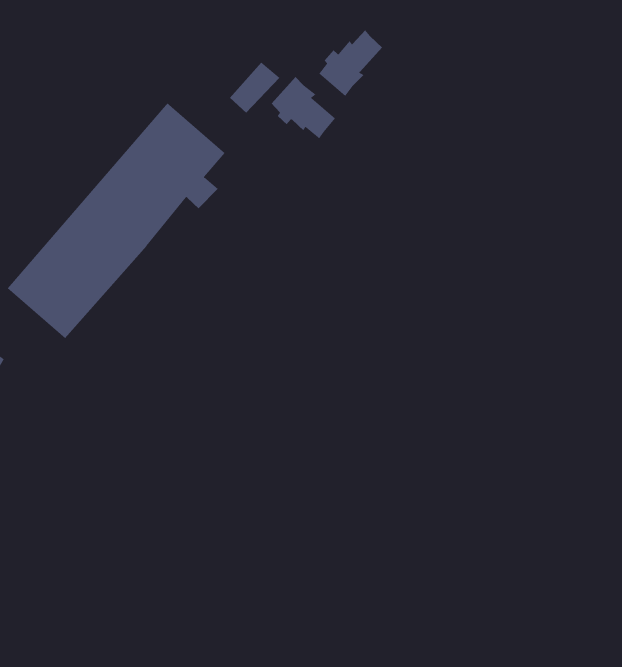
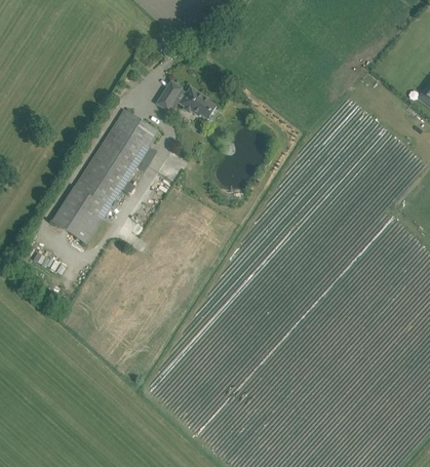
building: [319,30,383,97] -> none

